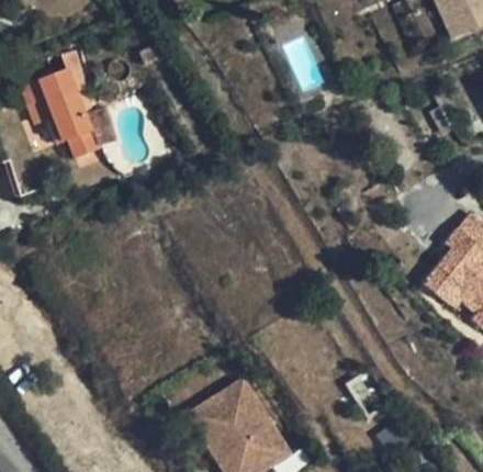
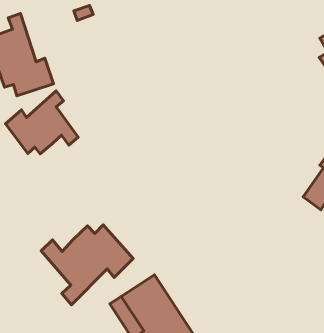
building: none -> [5,91,78,154]
building: none -> [41,225,133,305]

